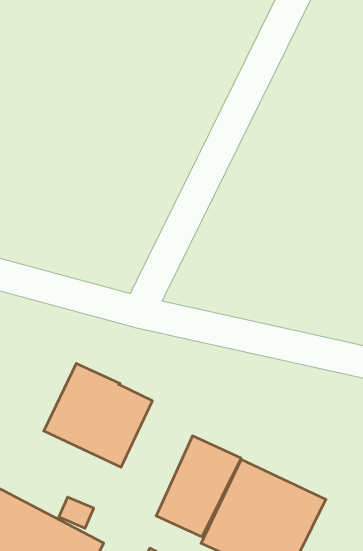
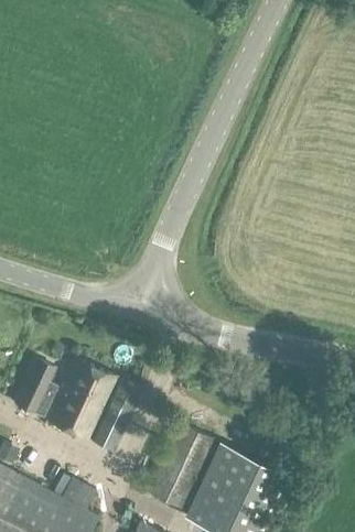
building: none -> [14,359,56,416]

